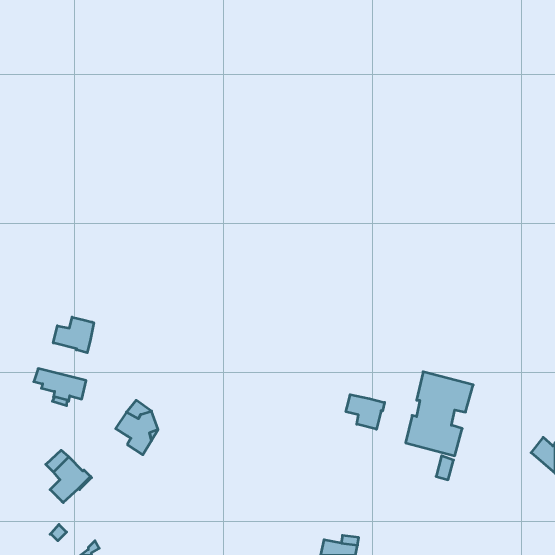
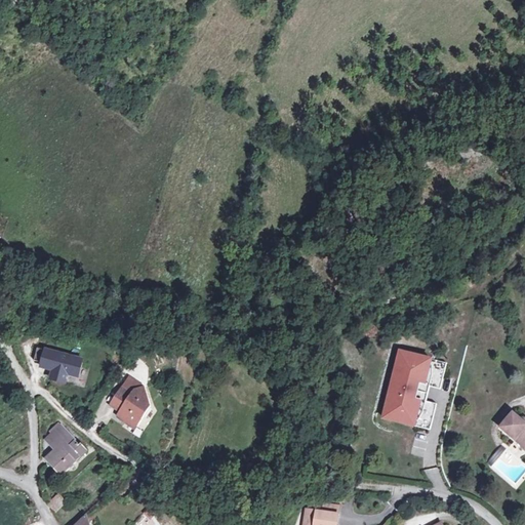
building: [53,317,94,353] -> none
building: [346,395,385,429] -> none

